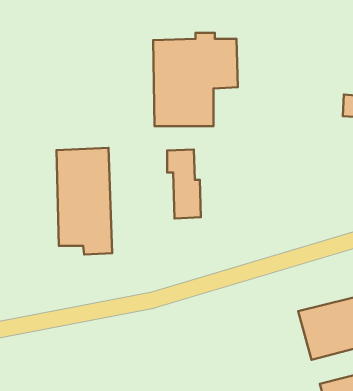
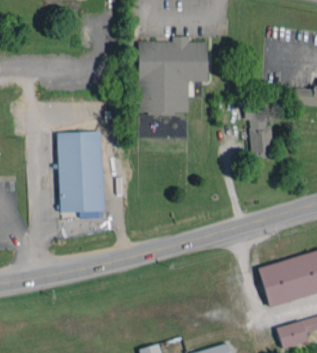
building: [167,149,201,218] -> [245,101,273,158]

